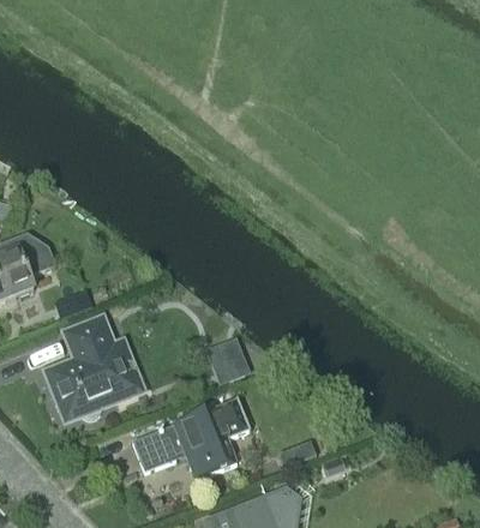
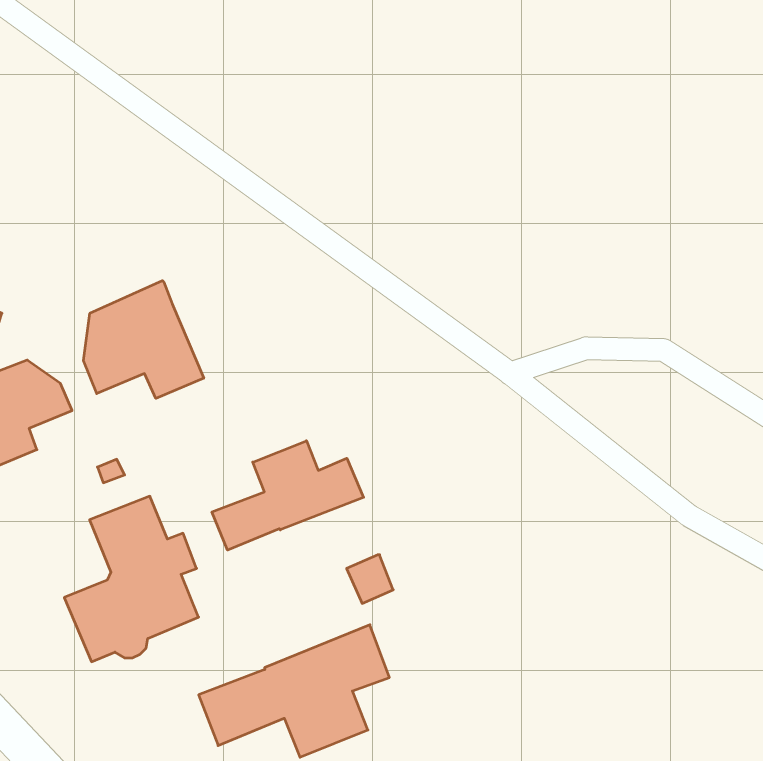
building: none -> [83,281,204,398]
building: none -> [212,441,364,550]

